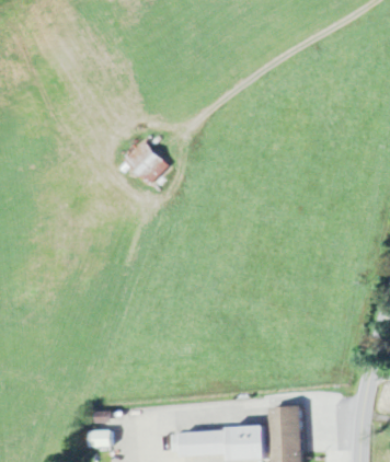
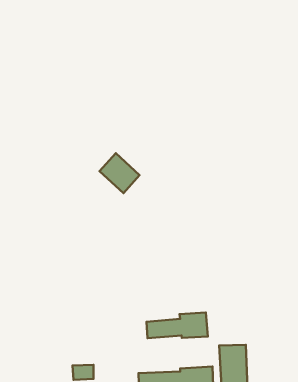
building: [124,138,170,184] -> [100,153,140,193]
building: none -> [146,313,208,338]

